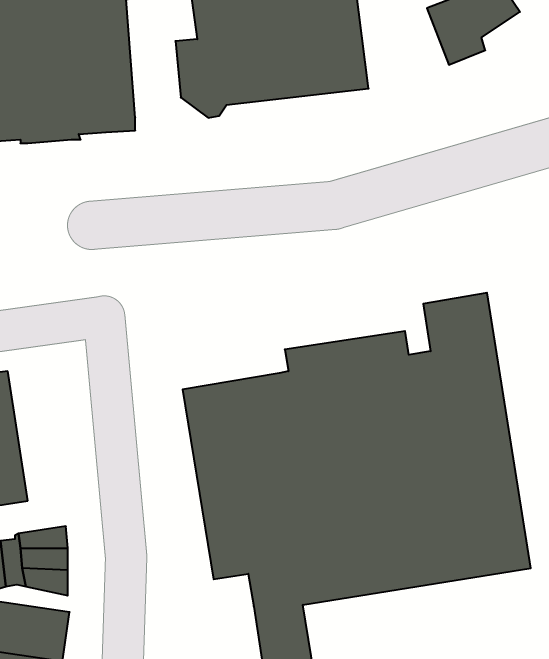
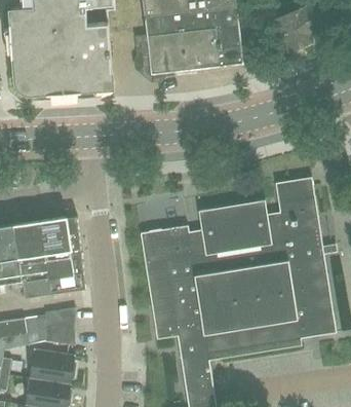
building: none -> [41,218,87,295]

